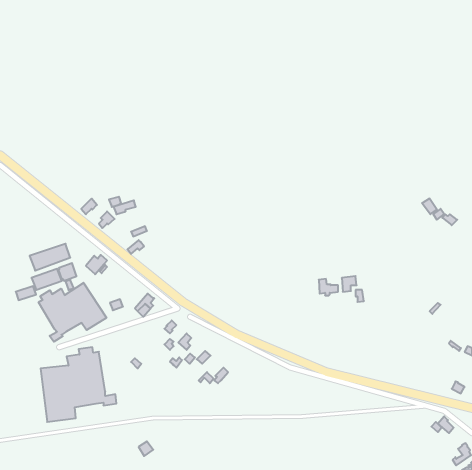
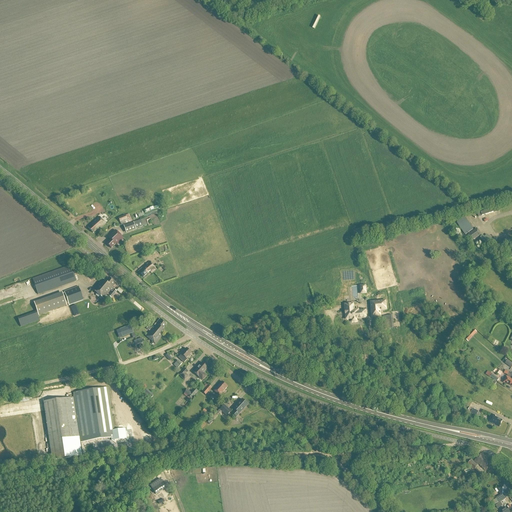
building: [39,283,106,342] -> none

